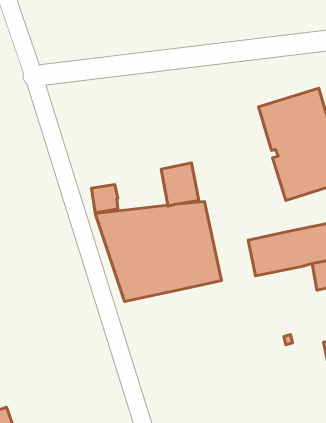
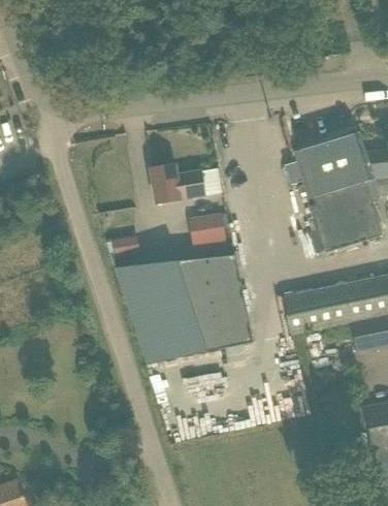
building: none -> [151,164,204,202]

